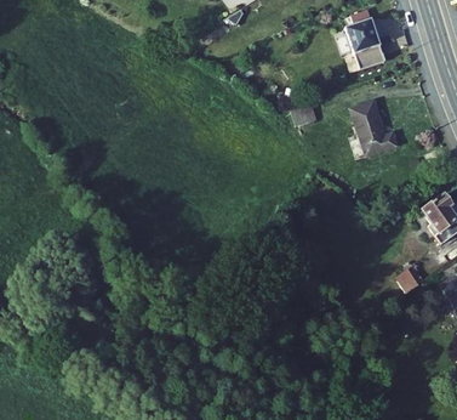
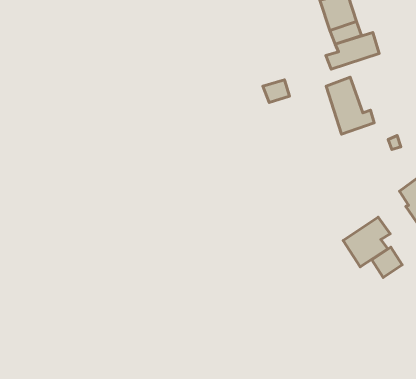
building: none -> [326,32,379,69]
building: none -> [343,217,390,267]

